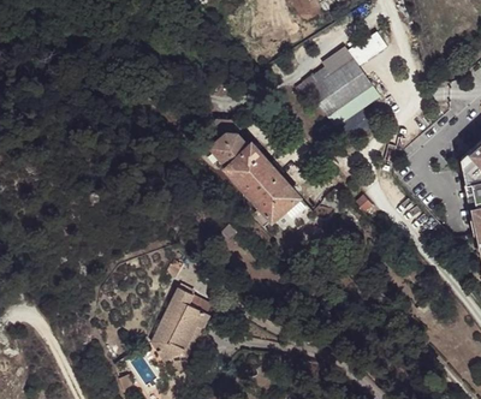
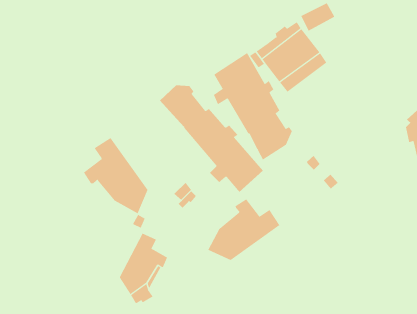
building: none -> [213,52,292,160]
building: none -> [83,137,148,214]
building: none -> [208,198,280,261]

